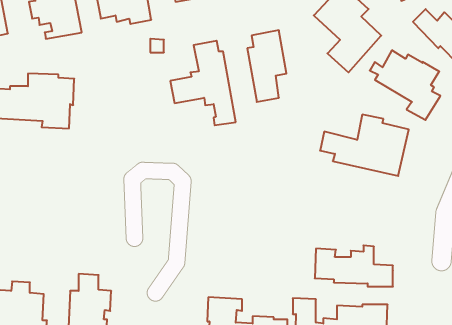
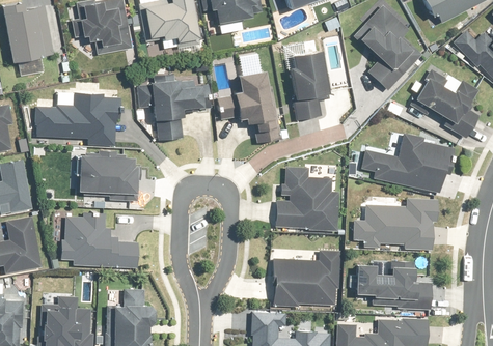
building: none -> [137,71,212,141]
building: none -> [79,151,140,201]
building: none -> [275,168,338,231]
building: none -> [352,198,439,251]
building: none -> [60,212,137,267]
building: none -> [272,251,340,307]

